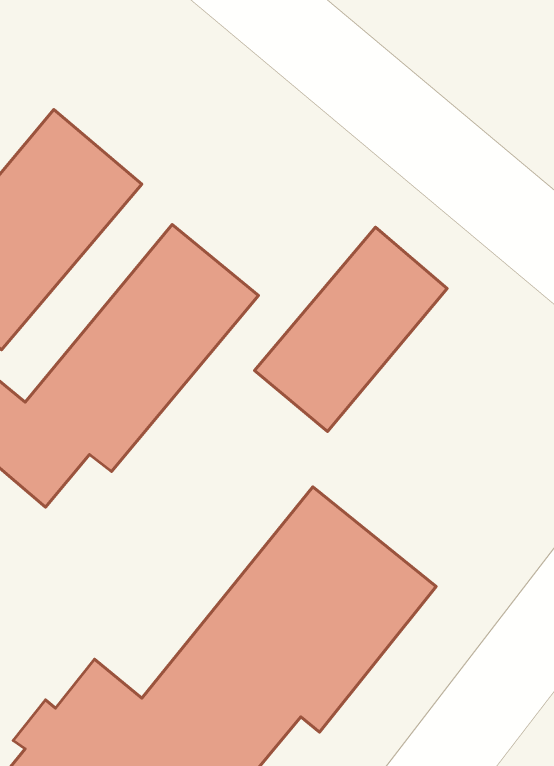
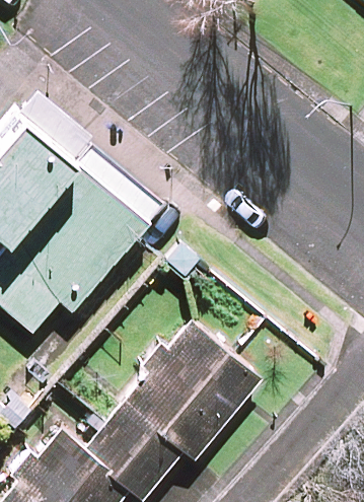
building: [254,227,447,432] -> none

